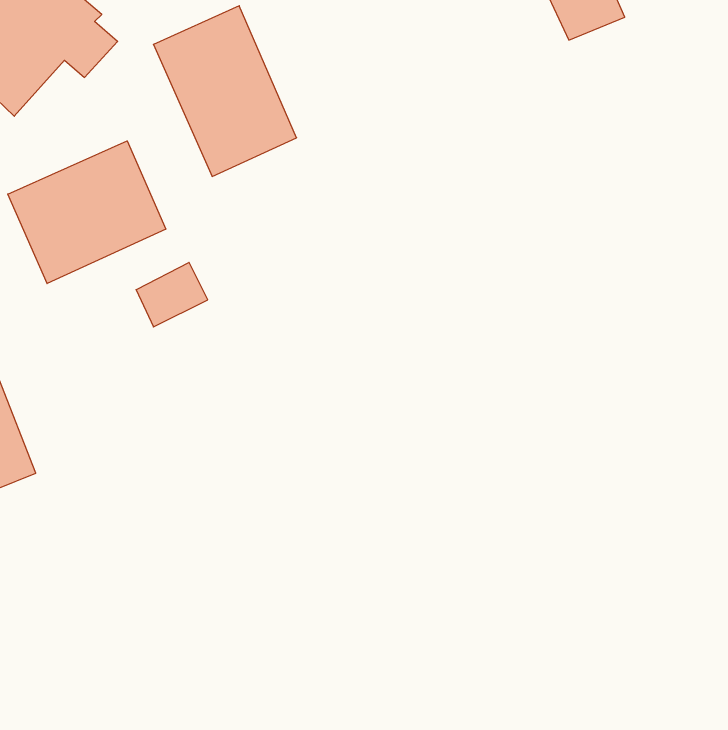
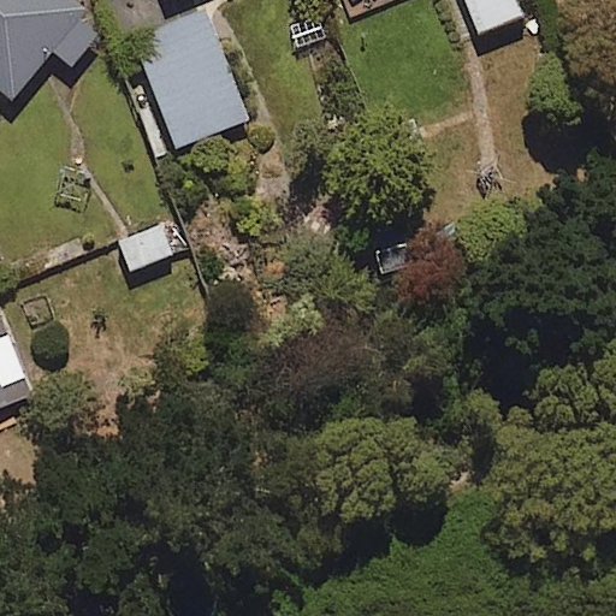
building: [8,141,166,284] -> none

